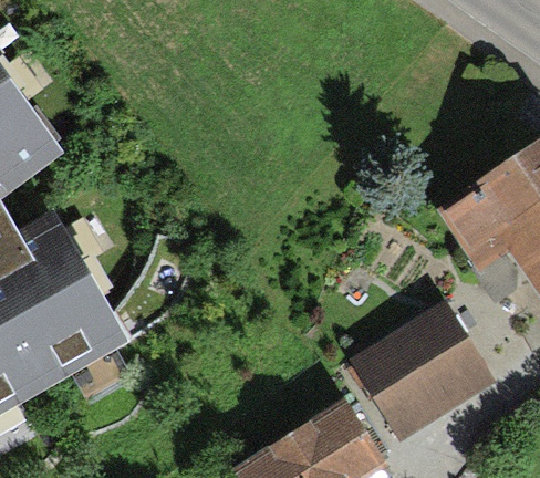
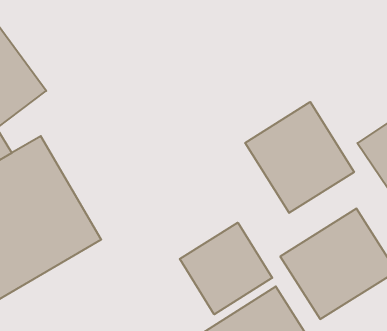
building: none -> [245,102,354,213]
building: none -> [180,223,272,314]

